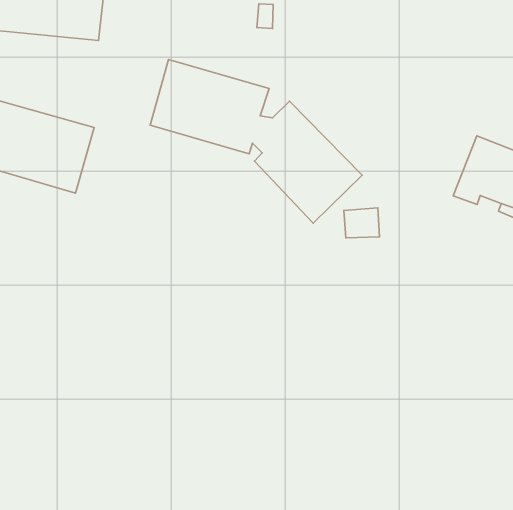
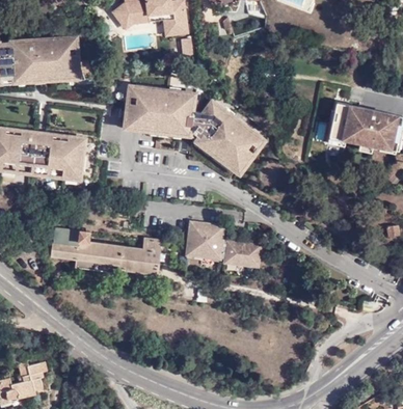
building: none -> [51,227,159,273]
building: none -> [186,221,262,268]

